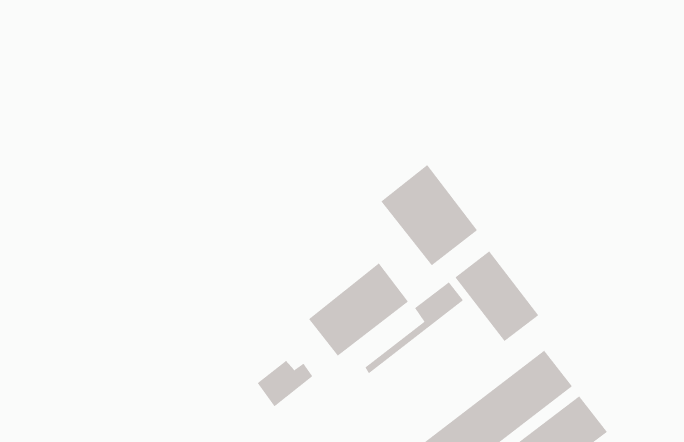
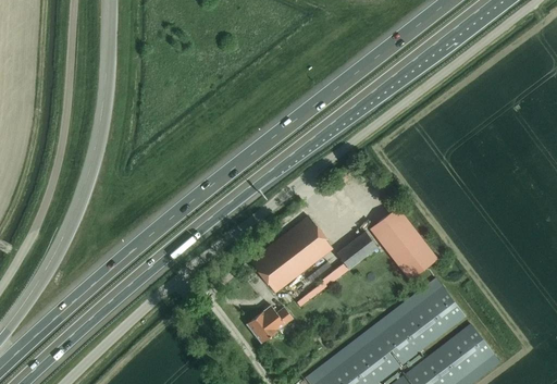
building: [381,164,478,266] -> none
building: [257,360,313,407] -> [246,305,292,343]

